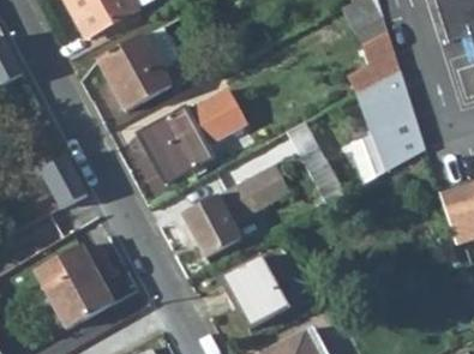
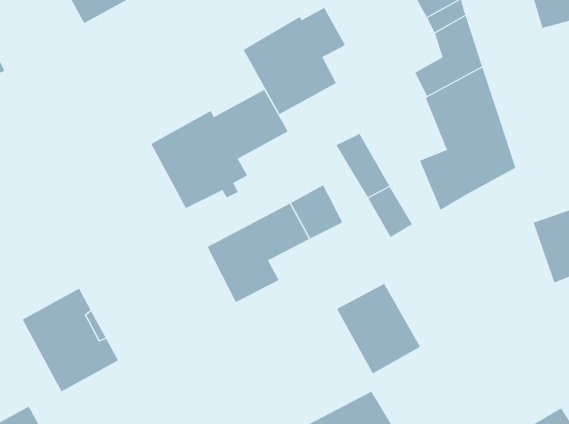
building: [98,26,180,112] -> [243,7,346,115]
building: [40,155,86,208] -> none
building: [221,256,288,328] -> [336,283,421,374]

